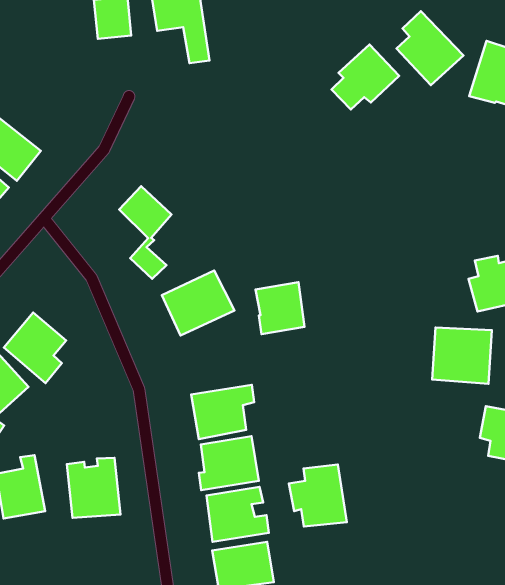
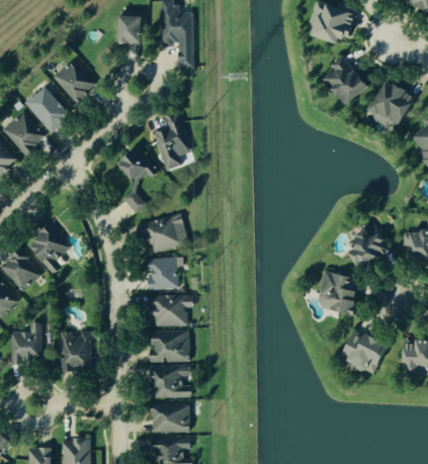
building: [331,44,399,109] -> none
building: none -> [52,59,96,103]
building: none -> [152,112,189,170]
building: [255,282,305,334] -> [149,257,179,289]
building: [289,465,347,527] -> none

